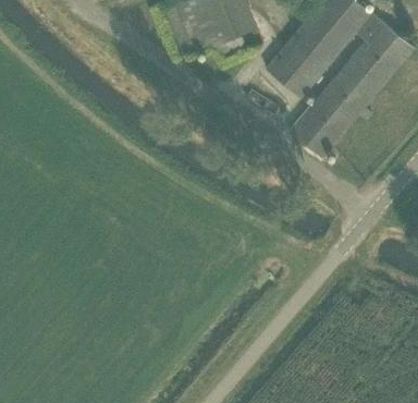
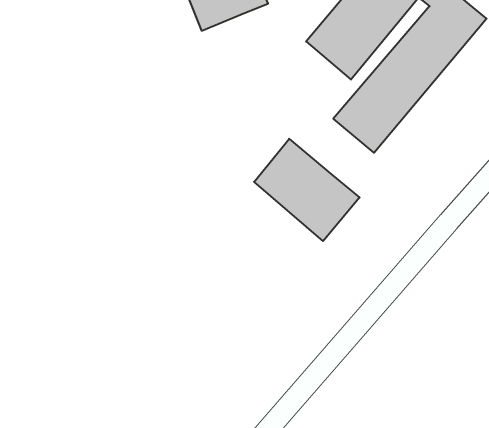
building: none -> [254,139,360,241]

